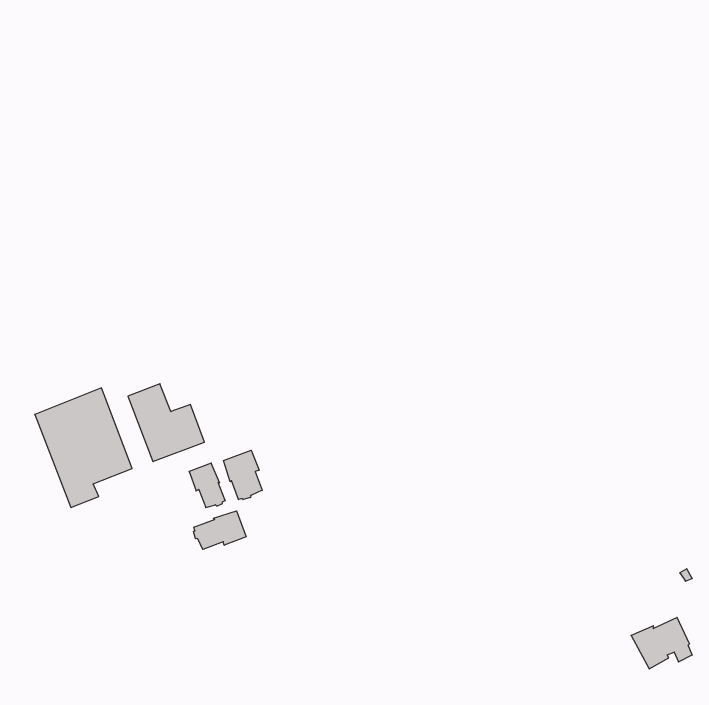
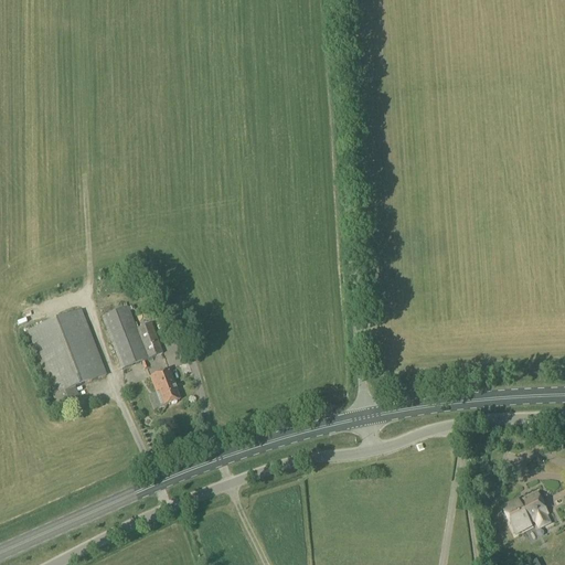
building: [224,450,262,500] -> none
building: [194,511,246,549] -> none

